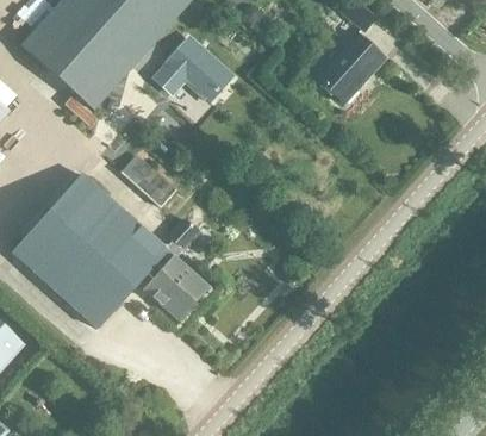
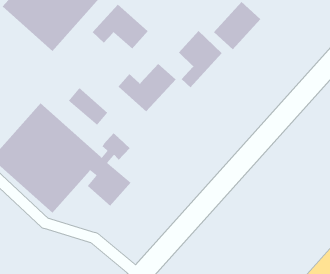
building: none -> [178,30,223,88]
building: none -> [118,63,176,112]

